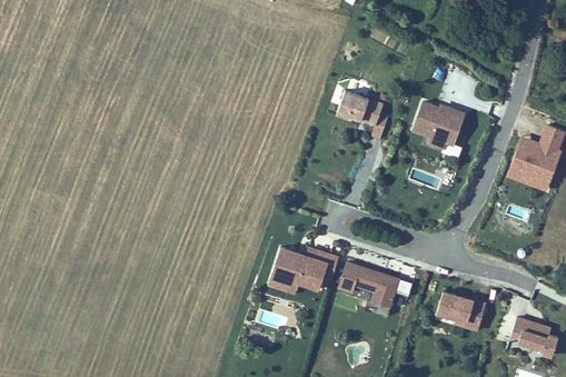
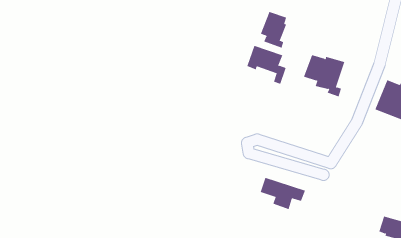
building: none -> [260,11,287,49]
building: [266,245,339,295] -> none
building: [436,289,486,333] -> none

